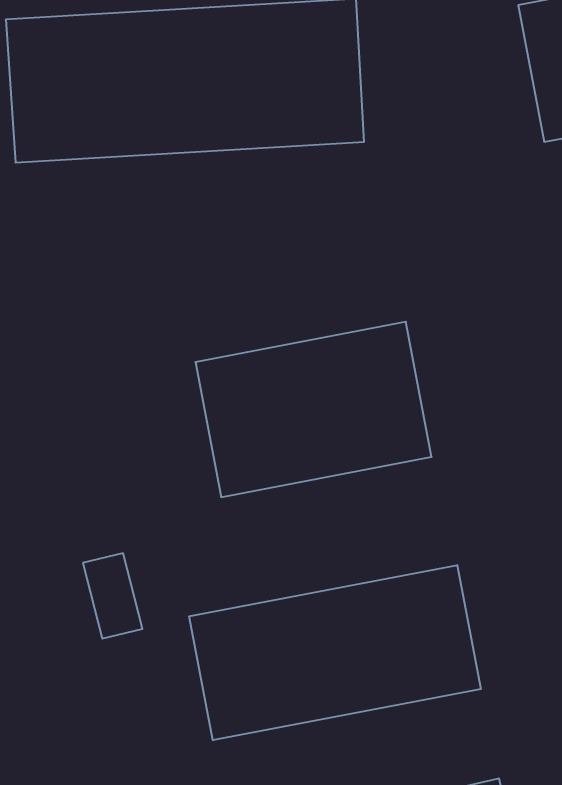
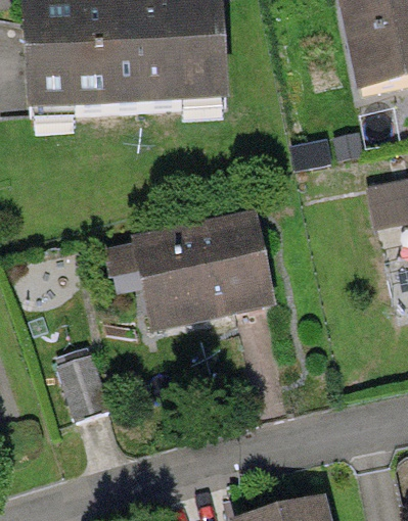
building: [189,565,481,740] -> none

